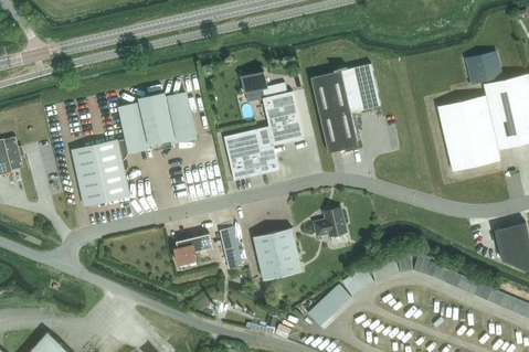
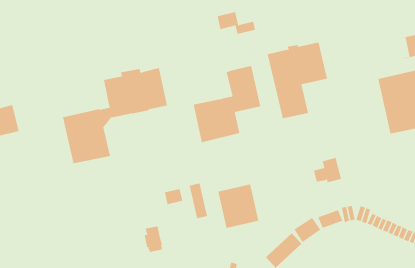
building: [242,71,287,97] -> [217,12,256,34]
building: [314,206,347,236] -> [313,157,342,183]
building: [174,237,197,268] -> [144,226,163,252]

